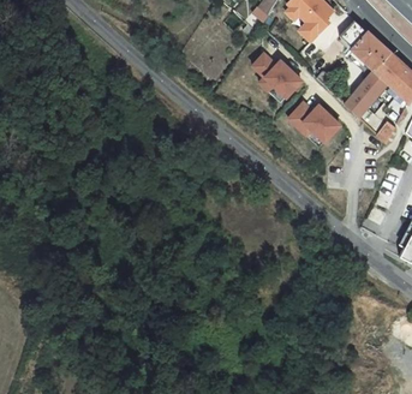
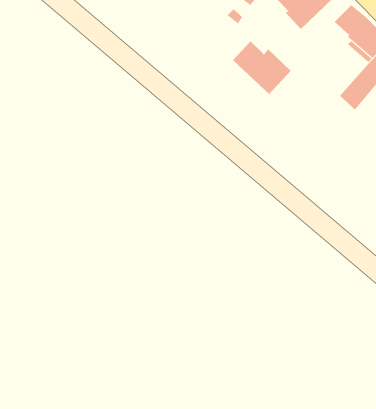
building: [289,102,341,142] -> none

